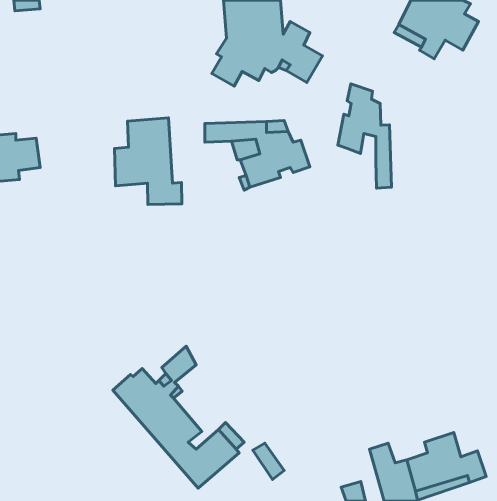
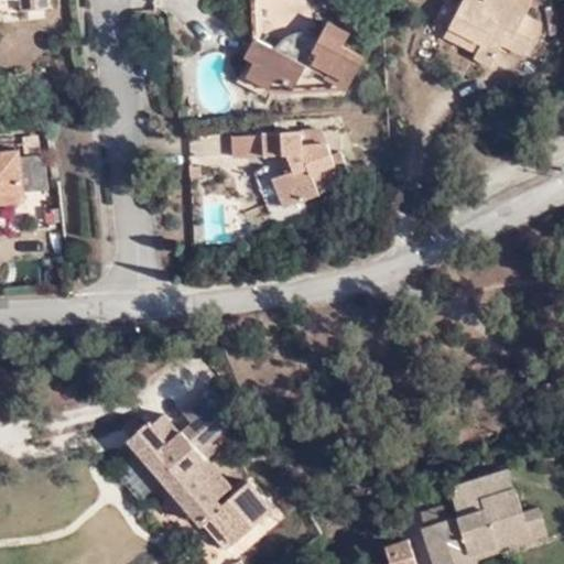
building: [338,84,391,188] -> none
building: [114,118,182,205] -> none
building: none -> [447,467,510,517]

